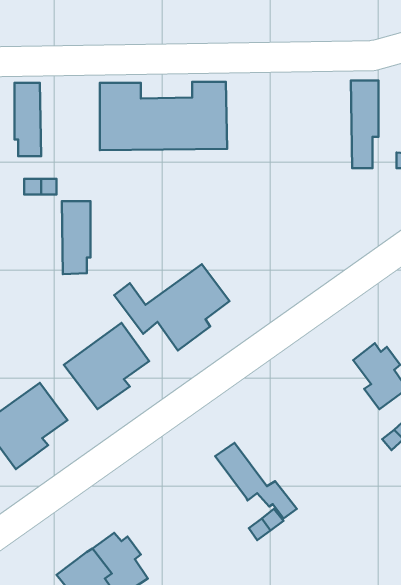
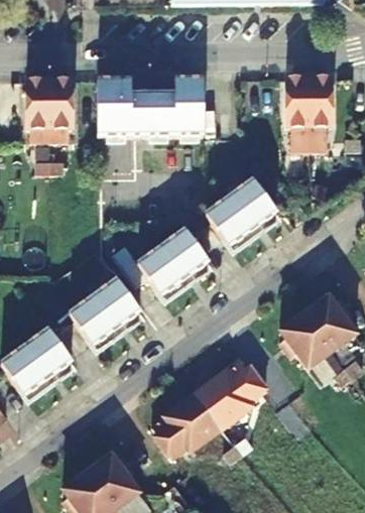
building: none -> [286,75,310,148]
building: [62,201,91,274] -> [47,77,72,138]
building: none -> [205,178,275,251]
building: none -> [280,309,333,368]
building: none -> [211,364,285,425]
building: none -> [151,390,221,456]

